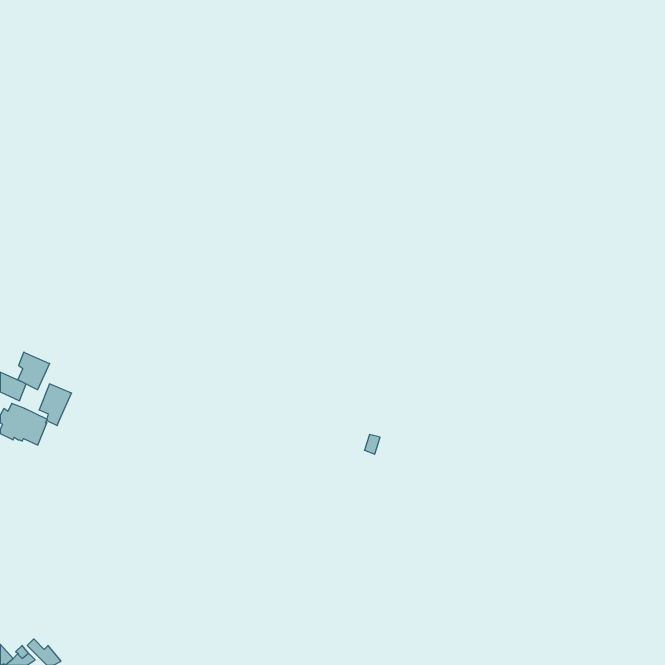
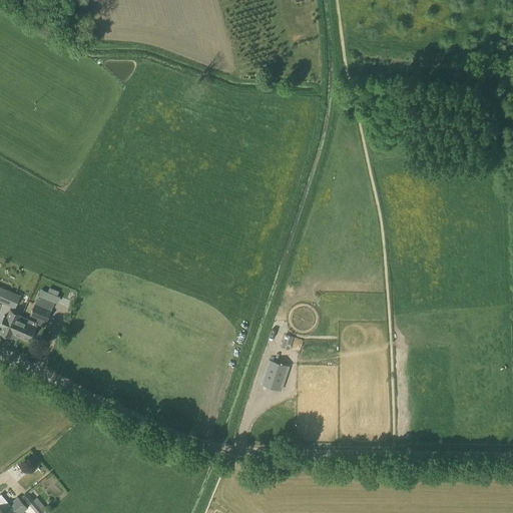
building: [18,352,50,390] -> none
building: none -> [259,359,290,392]

